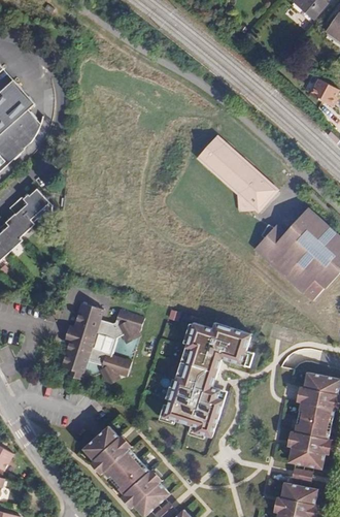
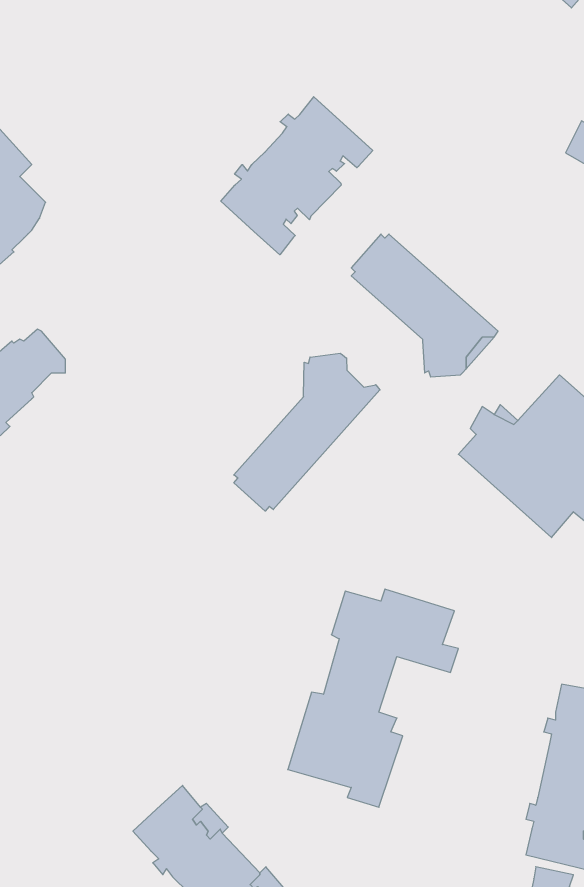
building: none -> [221,97,373,255]
building: none -> [234,353,380,511]
building: [60,300,142,382] -> none

